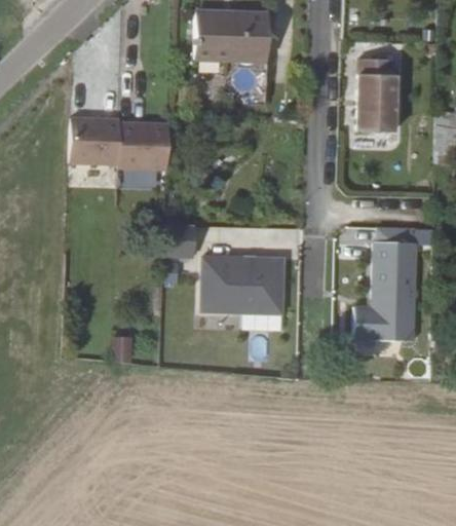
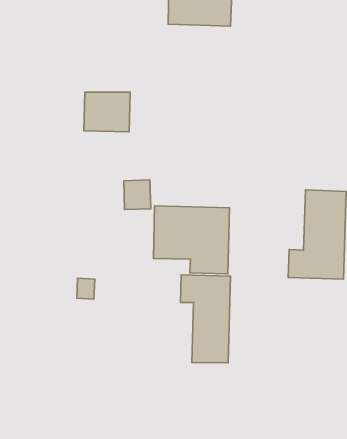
building: [351,57,396,135] -> none
building: [71,120,120,166] -> none
building: none -> [180,275,230,363]

